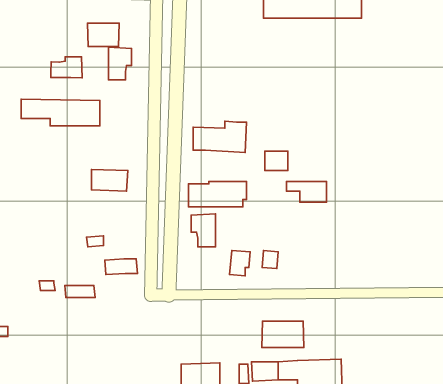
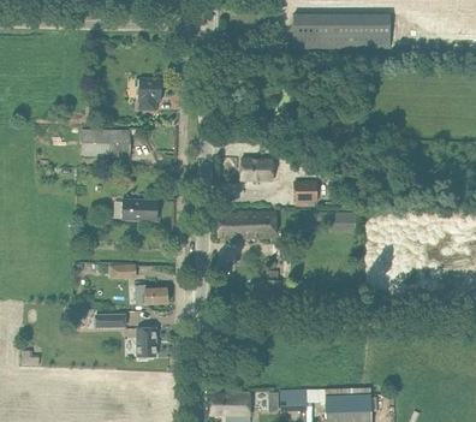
building: [88,23,119,47] -> none
building: [51,57,82,78] -> none
building: [191,214,216,247] -> none
building: none -> [137,327,157,358]
building: [262,321,304,347] -> none

